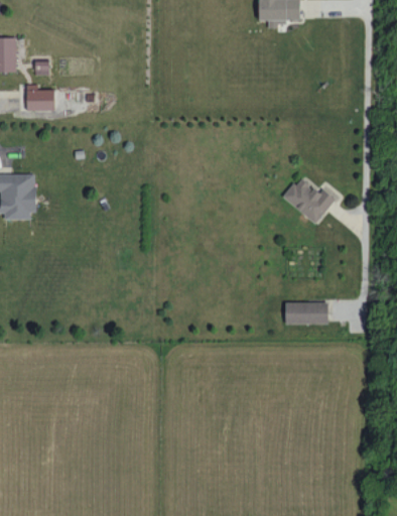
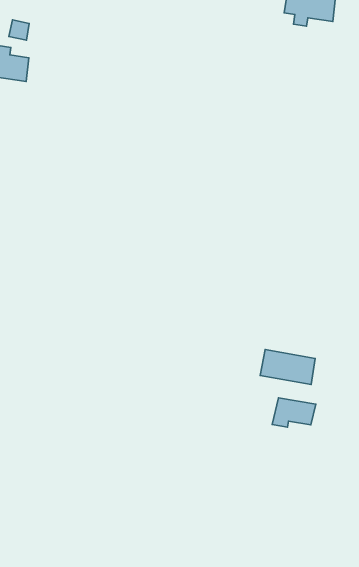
building: [283,175,337,224] -> none
building: none -> [272,398,316,427]

